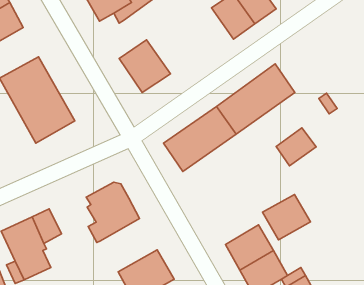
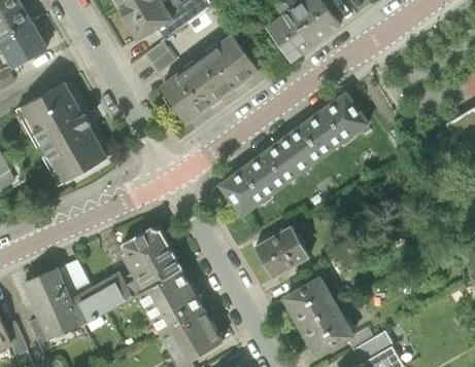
building: none -> [145,40,177,72]
building: none -> [191,40,250,102]
building: [276,128,316,166] -> none
building: [262,194,310,240] -> [255,226,310,279]
building: none -> [137,269,203,331]
building: none -> [70,271,133,326]

